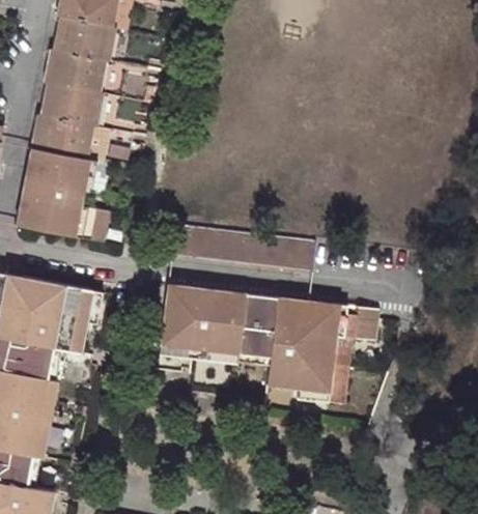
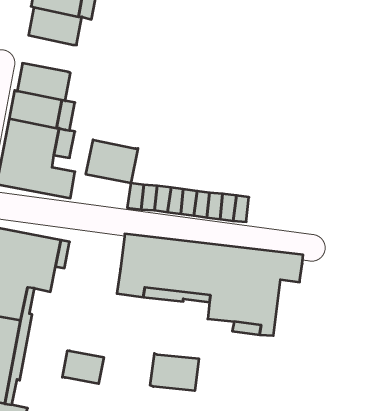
building: [44,49,107,92] -> none
building: none -> [86,140,138,183]
building: none -> [62,351,104,384]
building: none -> [150,353,199,391]

